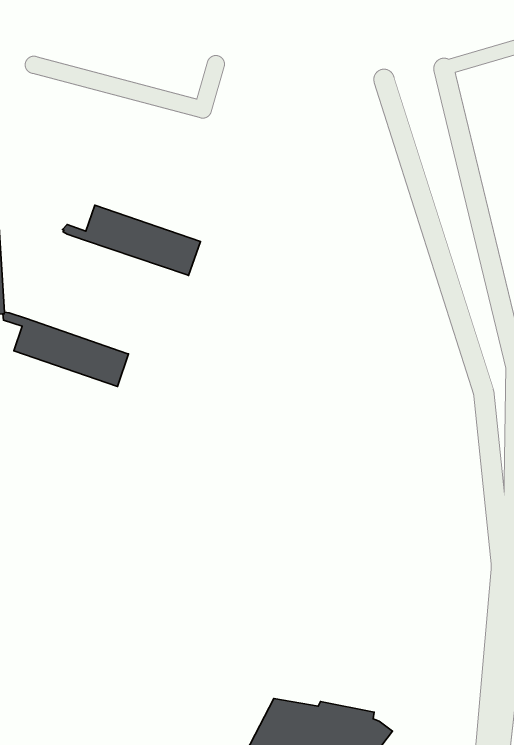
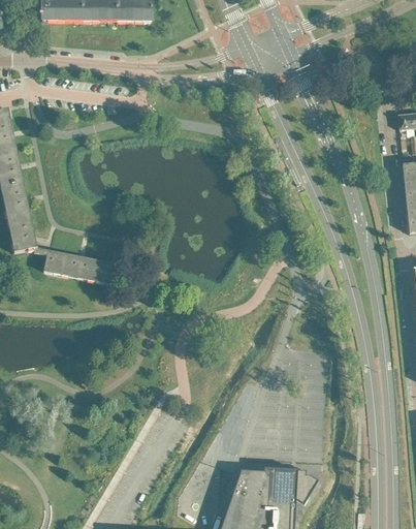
building: [62,205,200,276] -> none

